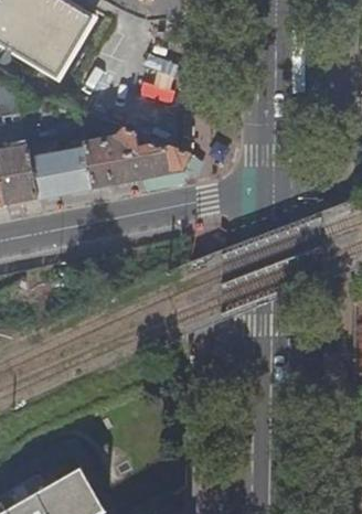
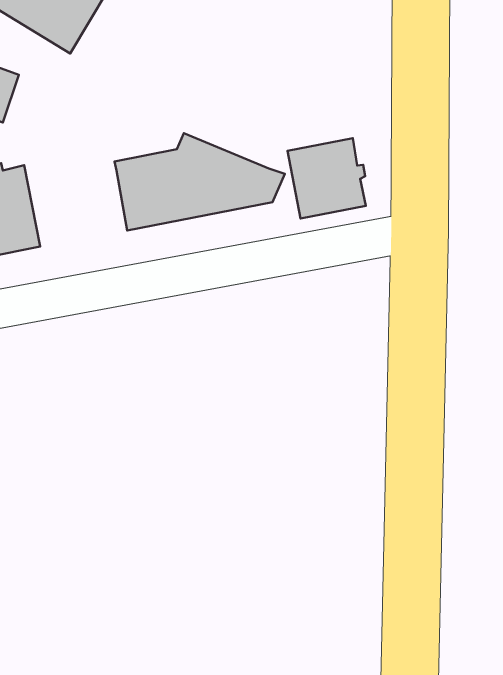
building: none -> [288,138,366,219]
building: [40,151,92,197] -> none

